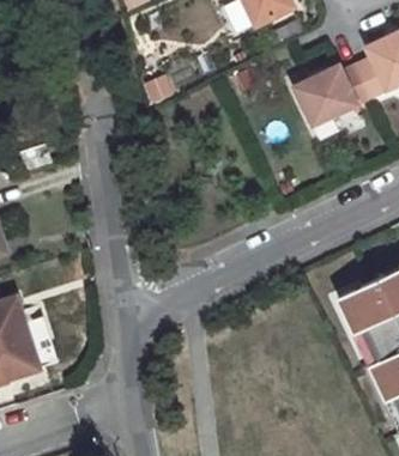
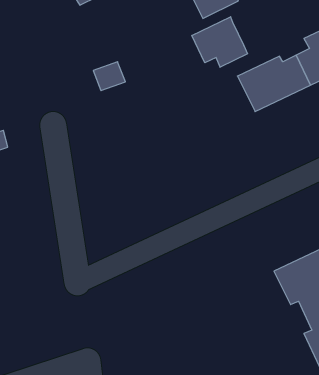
building: none -> [192,17,247,67]

